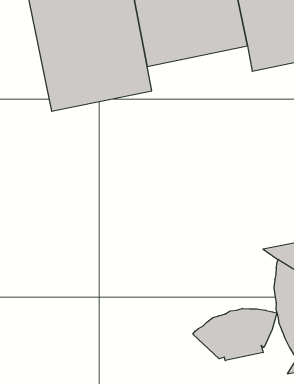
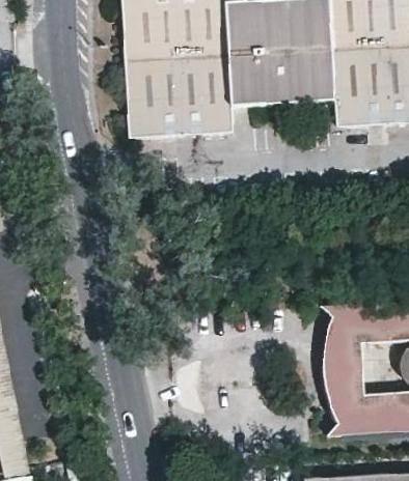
building: [193,308,277,361] -> none

